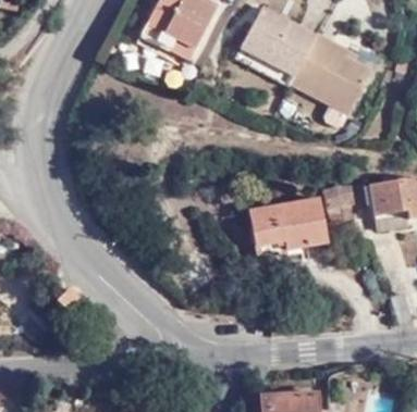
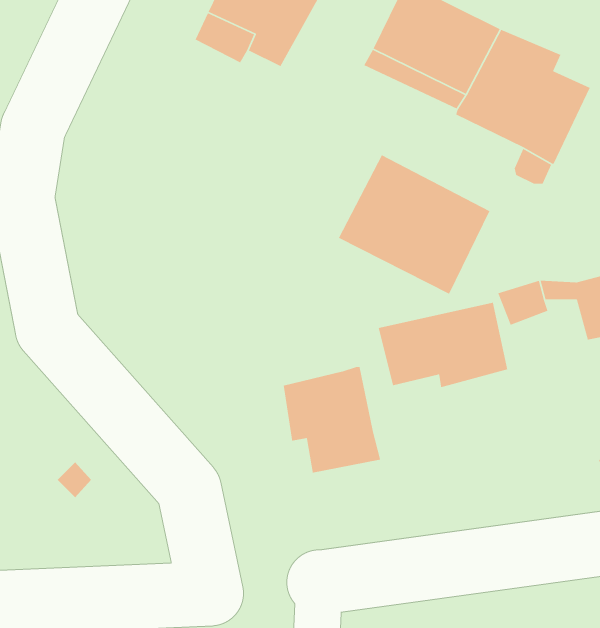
building: none -> [338,154,490,295]
building: none -> [283,366,381,473]

